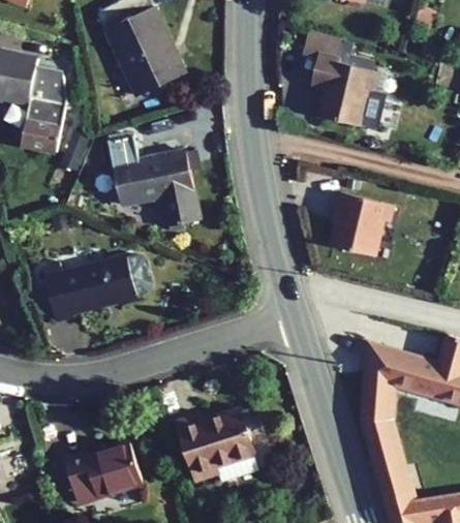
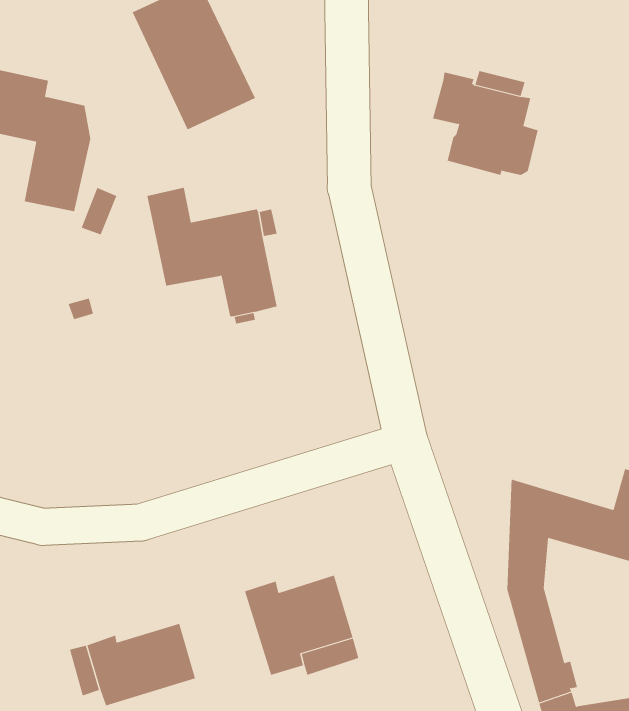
building: [302,31,344,60] -> none
building: [329,190,391,253] -> none
building: [42,256,153,320] -> none

